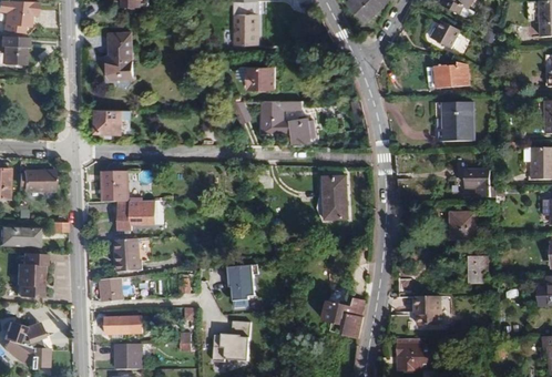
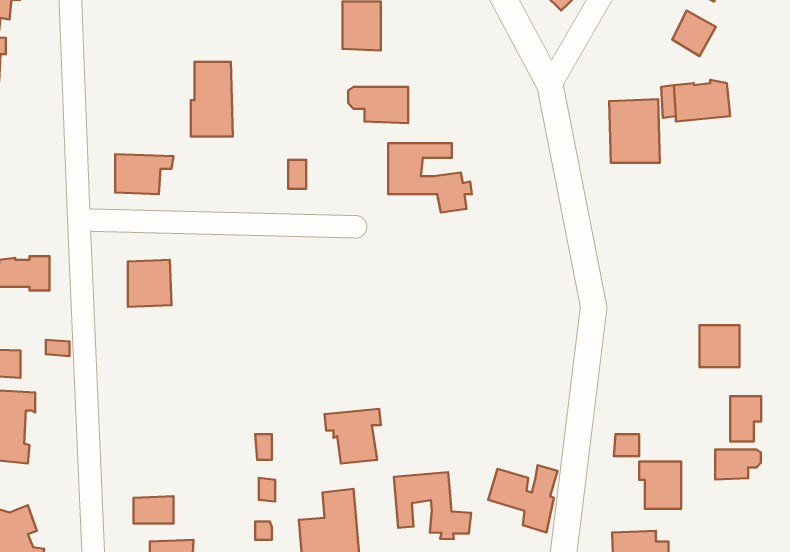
building: [106,33,132,79] -> [191,62,233,137]
building: [442,102,473,141] -> [609,99,660,163]
building: [466,170,489,196] -> none
building: [323,176,347,220] -> none
building: [119,201,144,231] -> none
building: [114,238,140,272] -> none
building: [100,278,123,302] -> none
building: none -> [715,449,761,480]
building: none -> [394,472,471,539]

